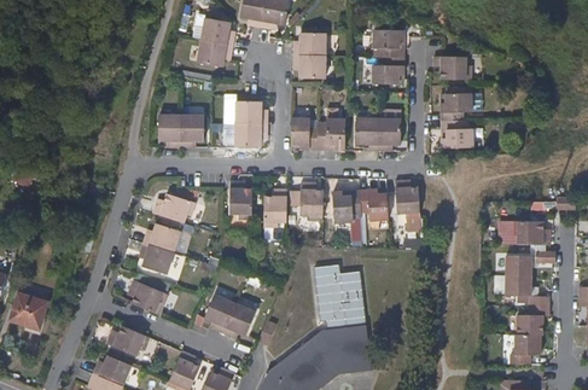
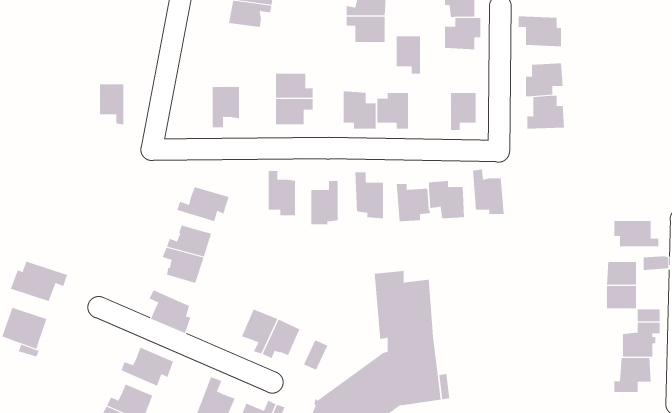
building: [161,112,181,146] -> [99,84,124,125]
building: [356,117,377,149] -> [396,36,421,74]
building: none -> [10,261,68,302]

